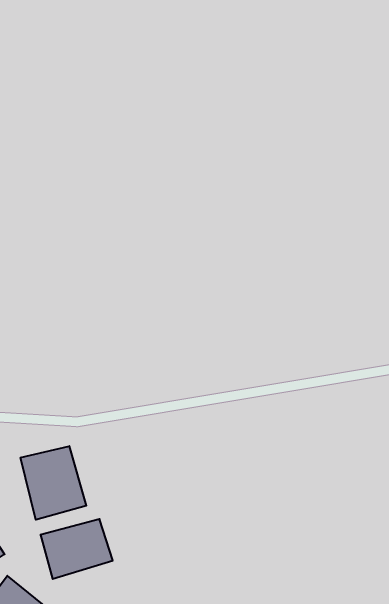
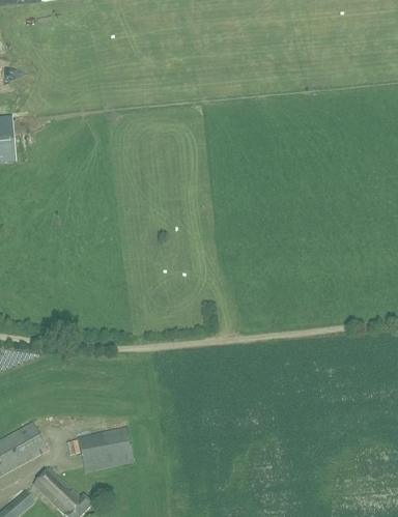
building: [21,446,86,520] -> none

